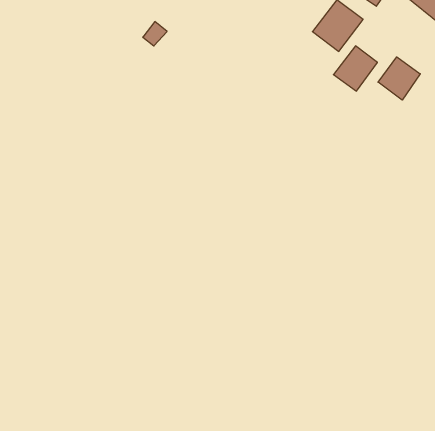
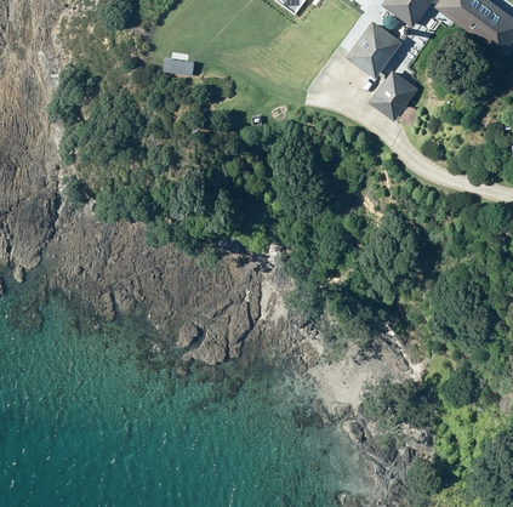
building: [378,57,420,100] -> none

